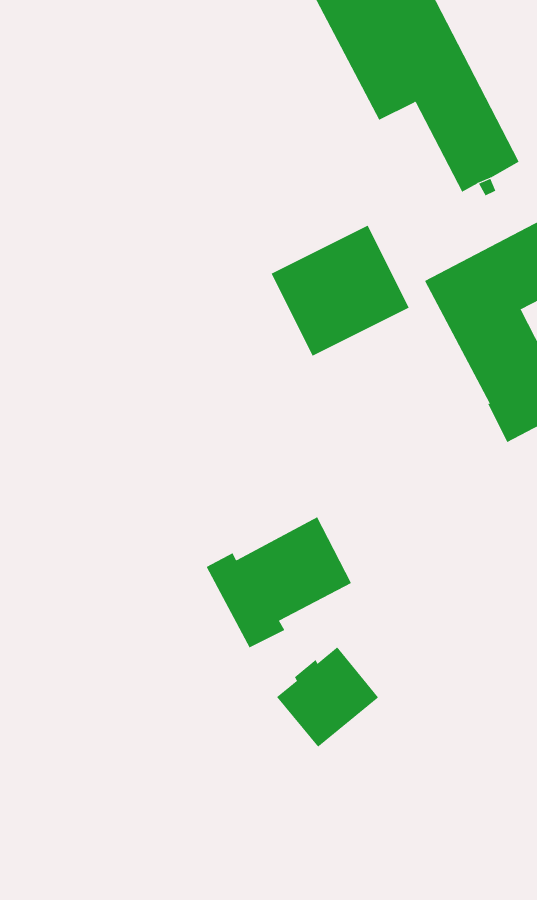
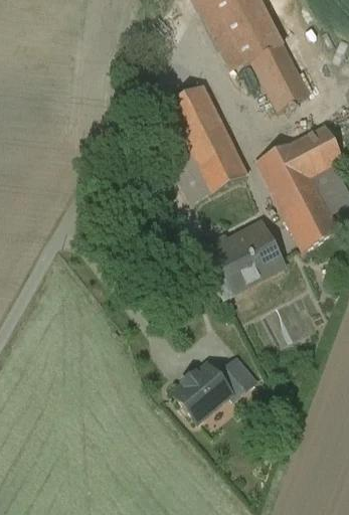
building: none -> [149,85,225,156]
building: [206,516,352,648] -> [200,222,282,296]
building: none -> [217,359,255,398]

